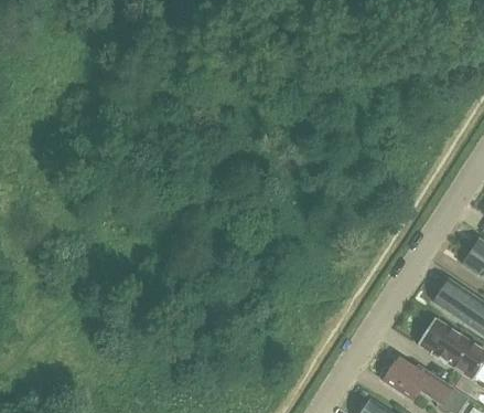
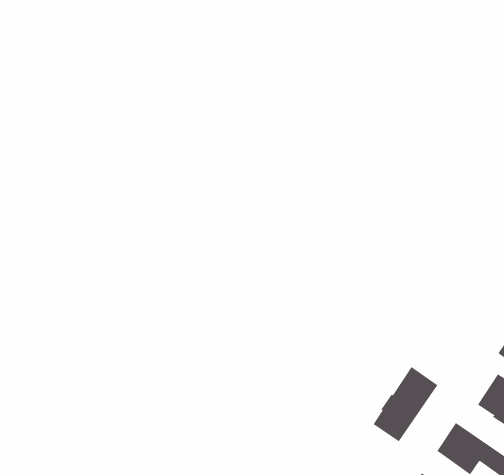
building: none -> [373,366,438,442]

